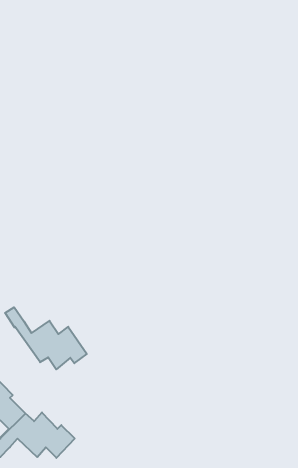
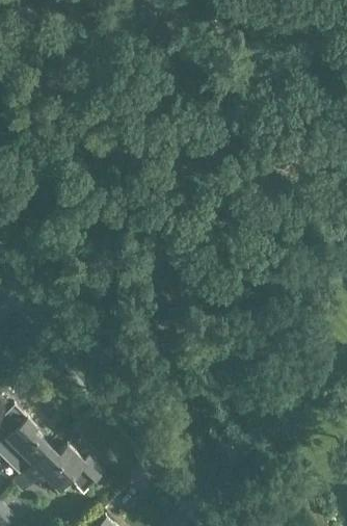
building: [5,307,87,369] -> none

